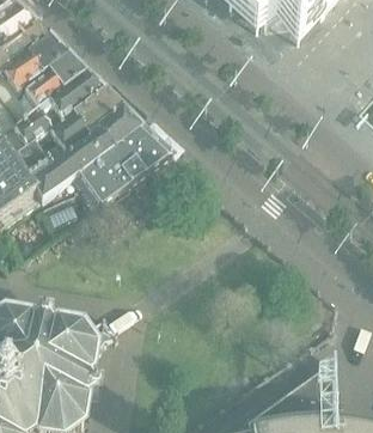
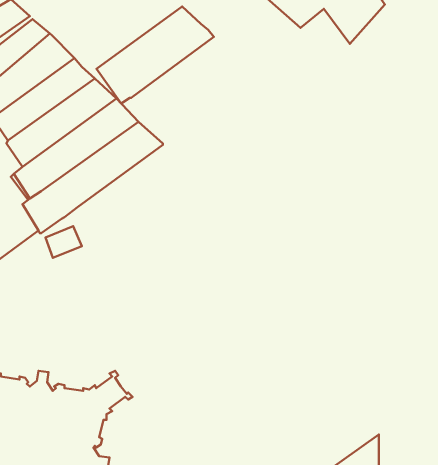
building: [73,124,170,205] -> [97,7,214,104]

